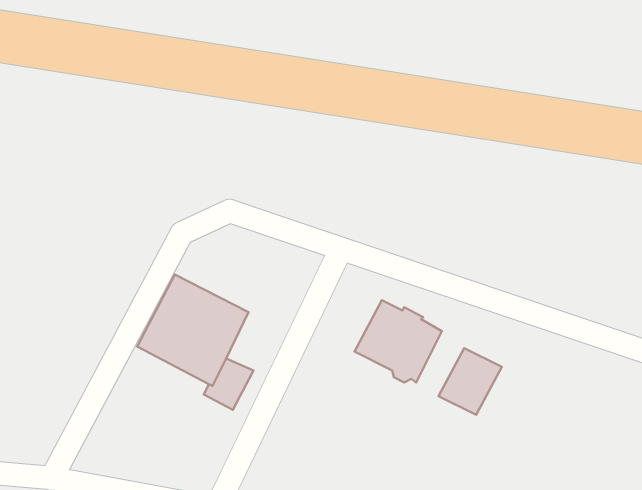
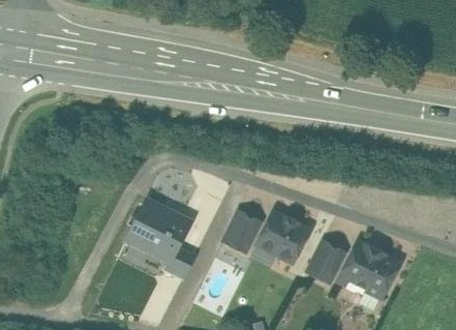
building: none -> [222,211,260,252]
building: none -> [337,243,398,298]

